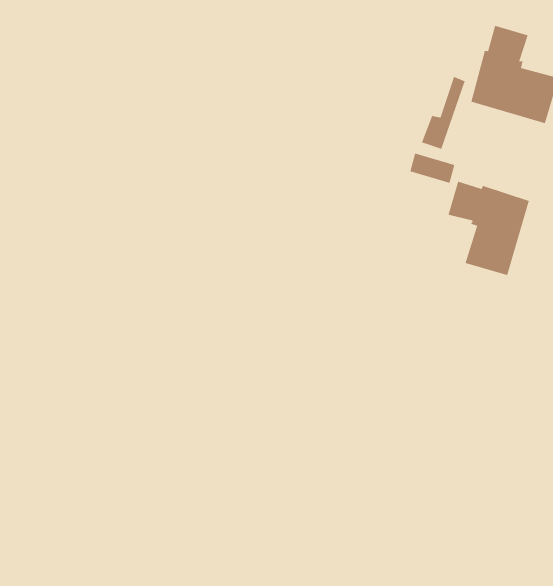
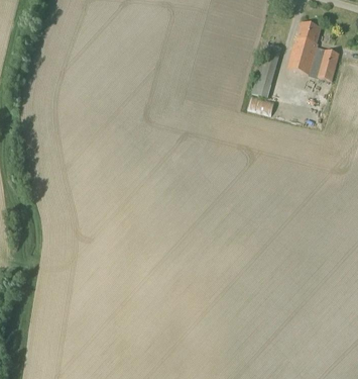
building: [448,181,529,276] -> none

